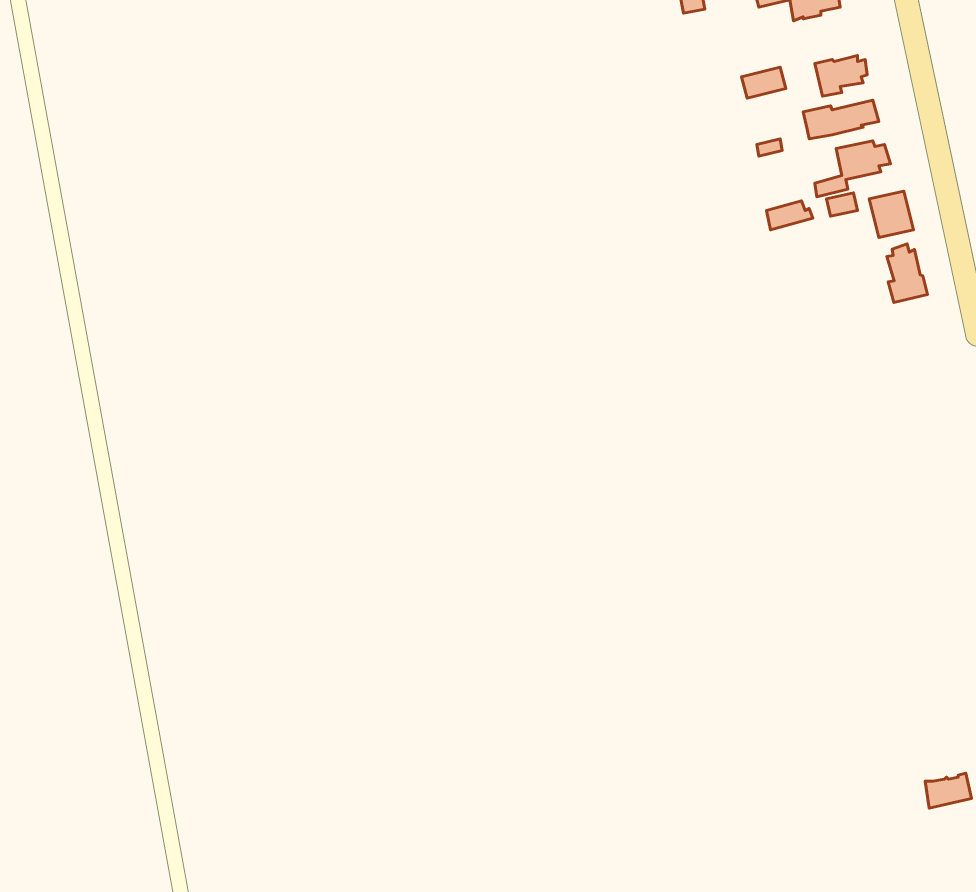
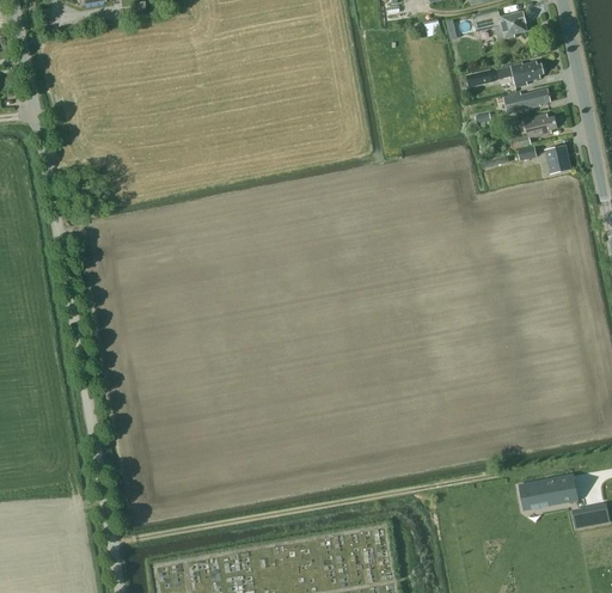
building: [887,244,927,303] -> none
building: none -> [522,476,576,505]

